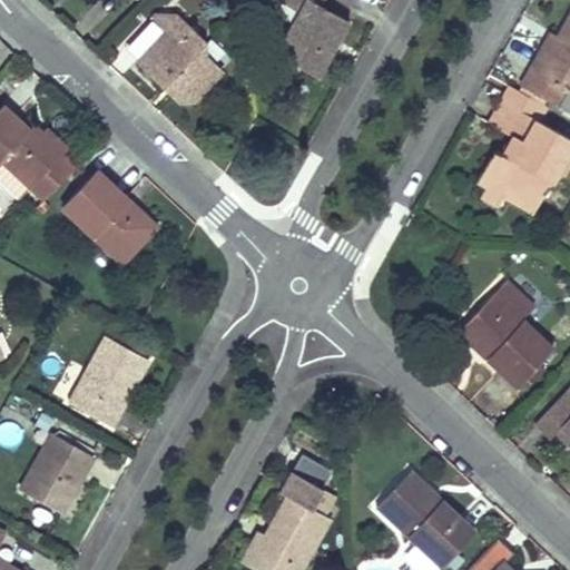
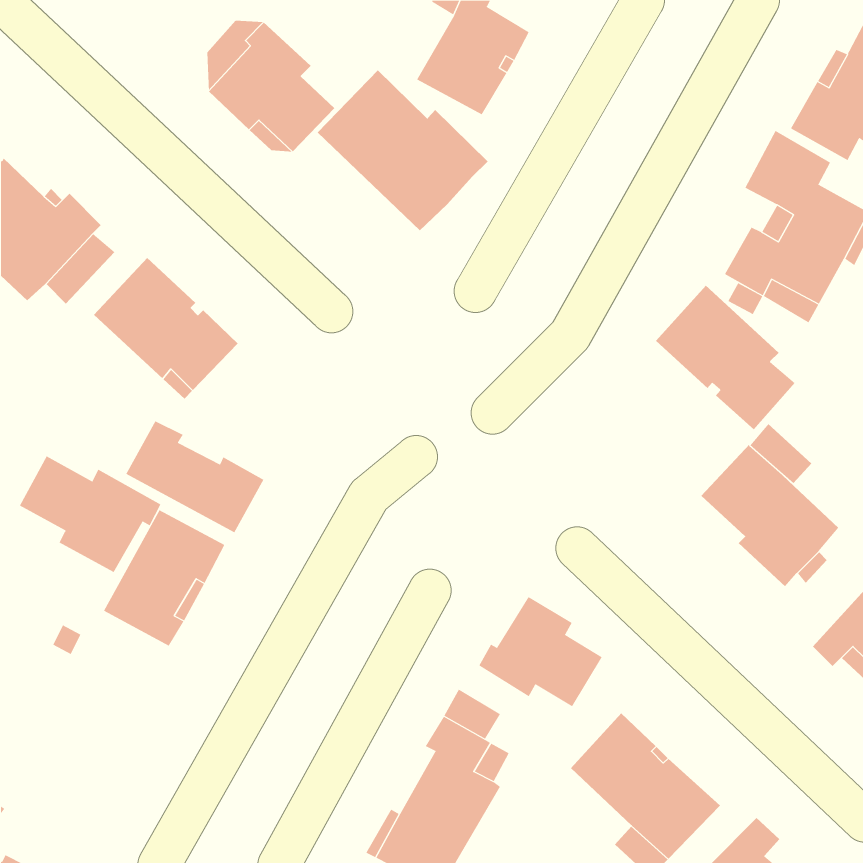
building: none -> [317,69,489,231]
building: none -> [655,285,796,430]
building: none -> [125,420,264,533]
building: none -> [19,456,161,573]
building: none -> [478,596,602,707]
building: [21,433,95,513] -> none

